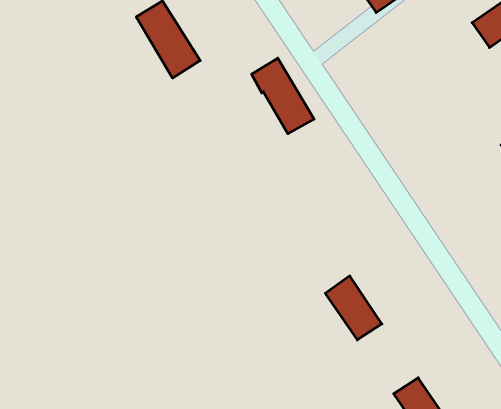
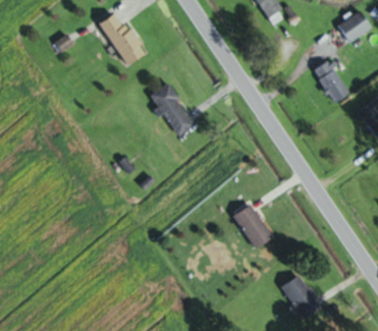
building: [252,58,314,134] -> [151,82,195,135]
building: none -> [312,60,350,103]

